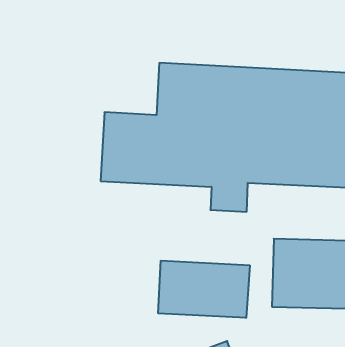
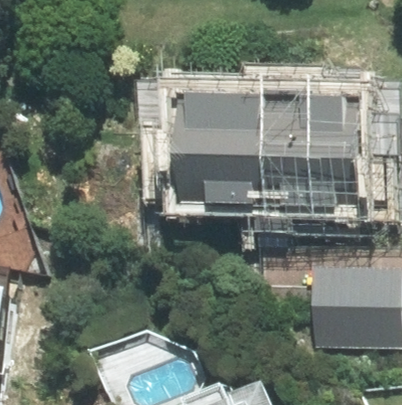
building: [158,261,250,318] -> none

